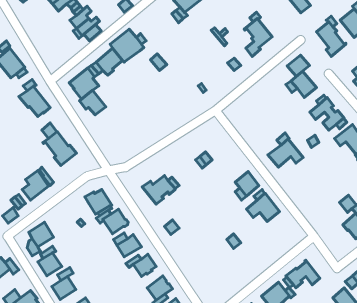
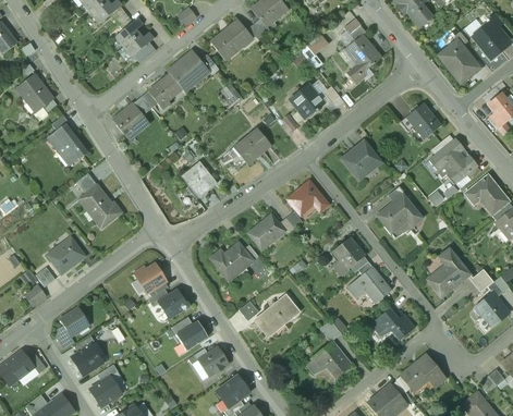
building: none -> [210,20,253,56]
building: [287,55,310,76] -> none
building: none -> [291,83,325,117]
building: none -> [233,127,271,163]
building: [79,90,106,115] -> [182,161,217,194]
building: none -> [341,140,381,176]
building: none -> [286,180,328,215]
building: none -> [247,213,284,249]
building: none -> [427,248,469,296]
building: none -> [254,294,300,337]
building: none -> [369,307,415,339]
building: none -> [306,340,352,377]

